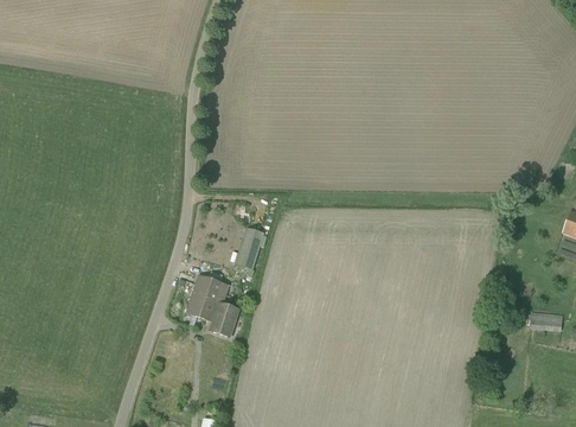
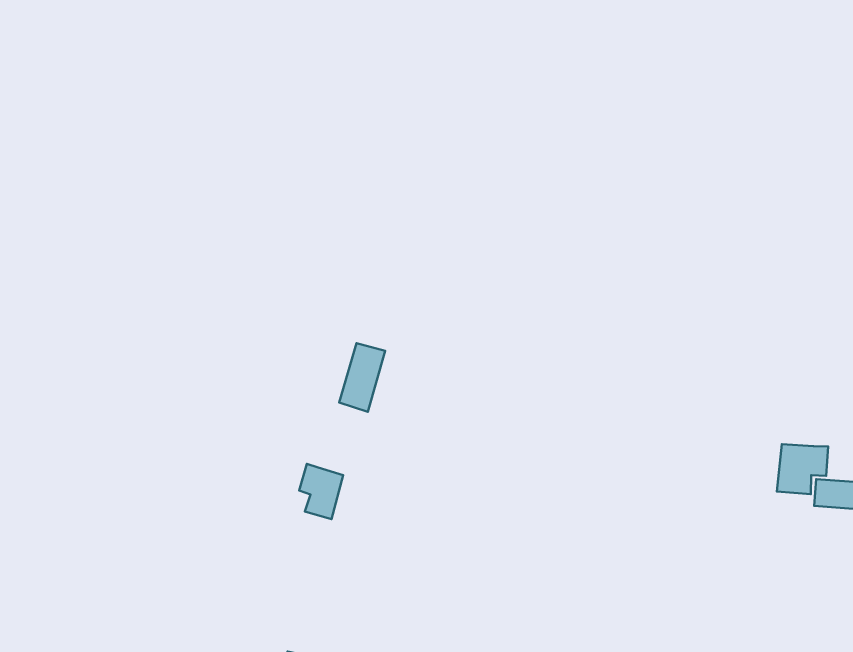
building: [187,275,229,318] -> none
building: none -> [777,444,828,494]

